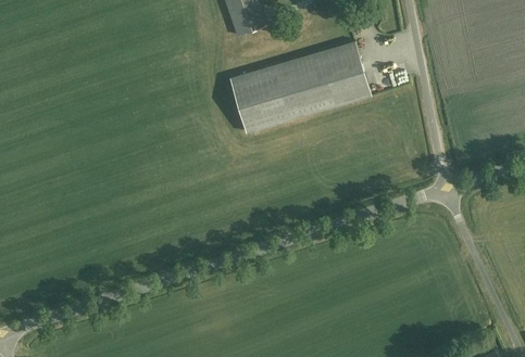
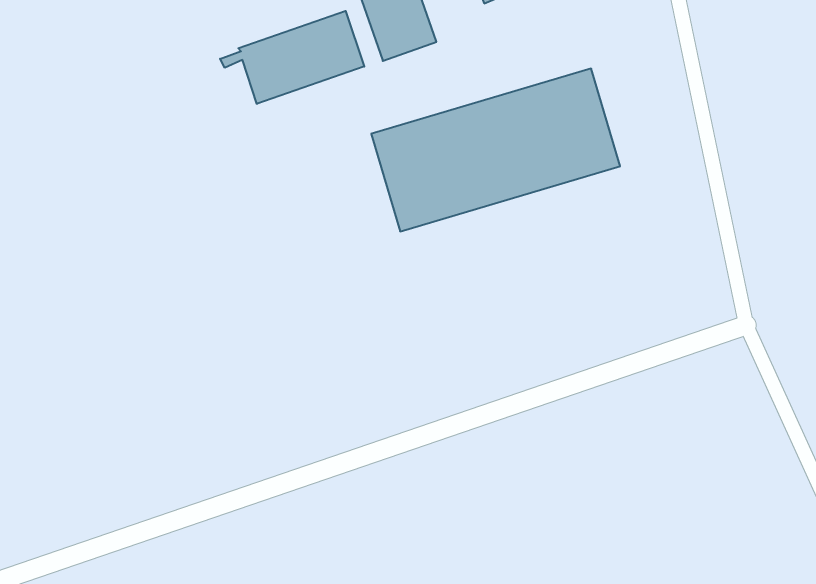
building: none -> [220,11,364,104]

